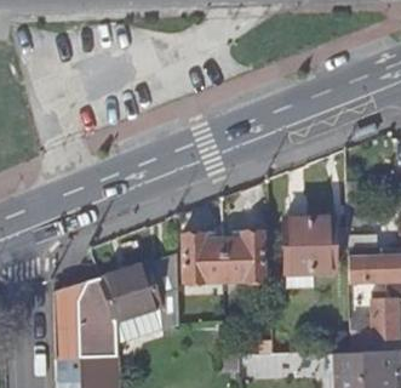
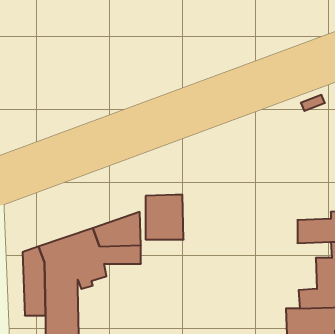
building: [280,219,332,274] -> none
building: [225,232,265,280] -> none

